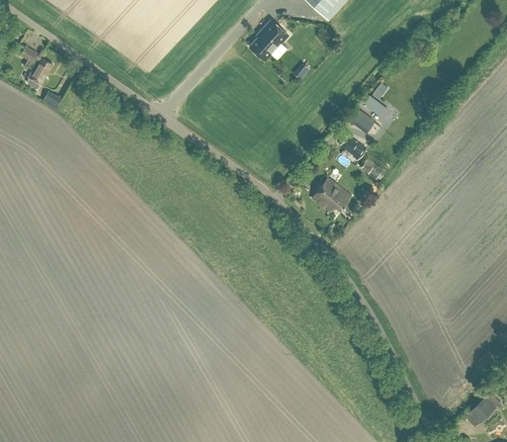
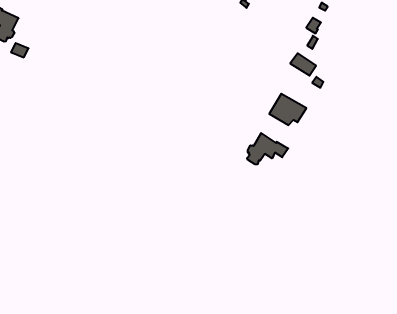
building: none -> [247,133,288,164]

